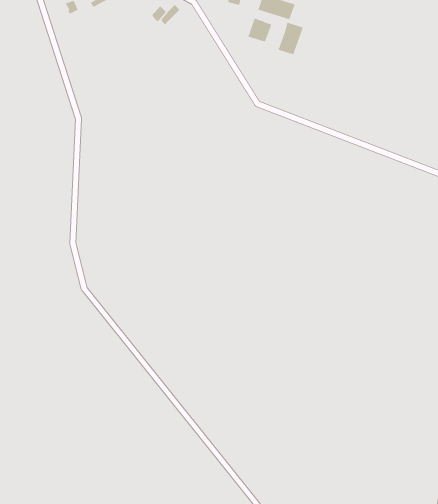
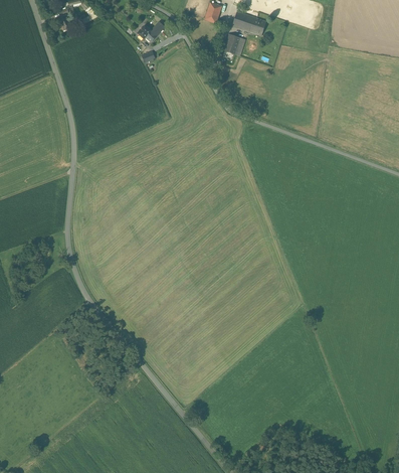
building: [278,22,304,55] -> none

